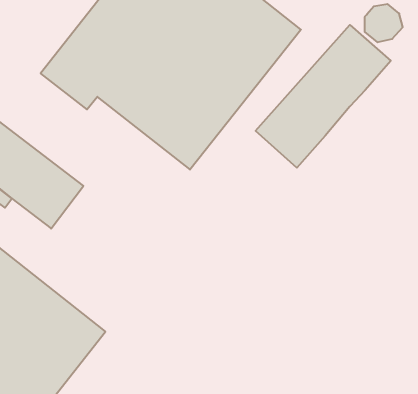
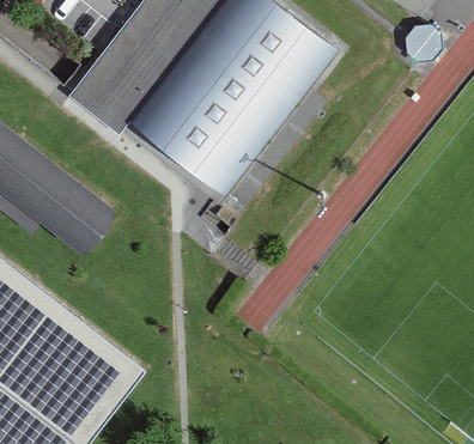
building: [256,25,391,168] -> none

